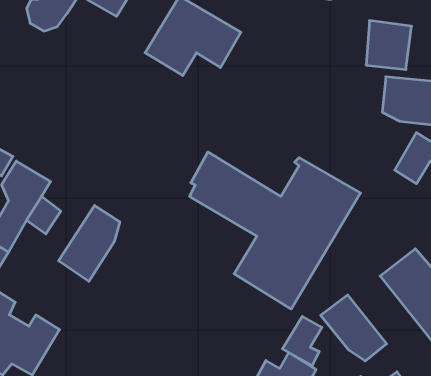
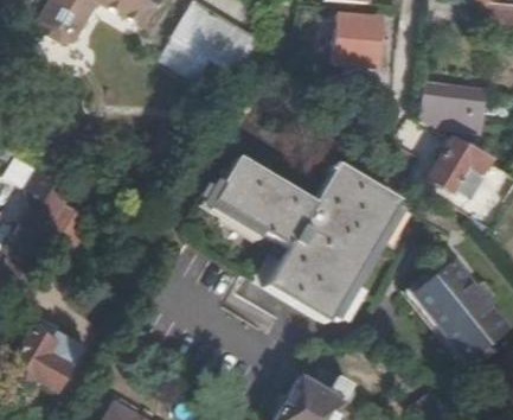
building: [366,21,412,70] -> [335,11,383,62]
building: [59,205,120,281] -> none
building: [321,295,387,361] -> none
building: [282,316,322,366] -> none

